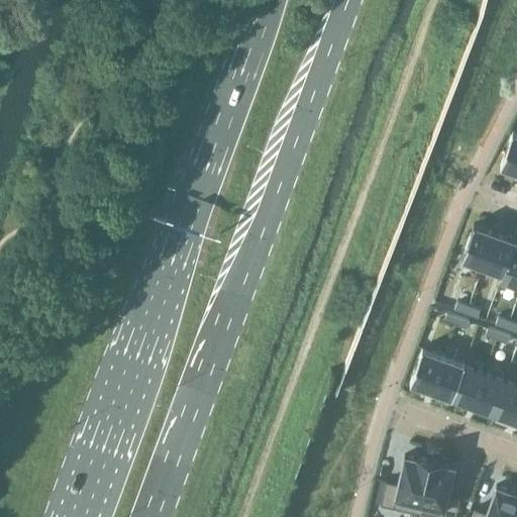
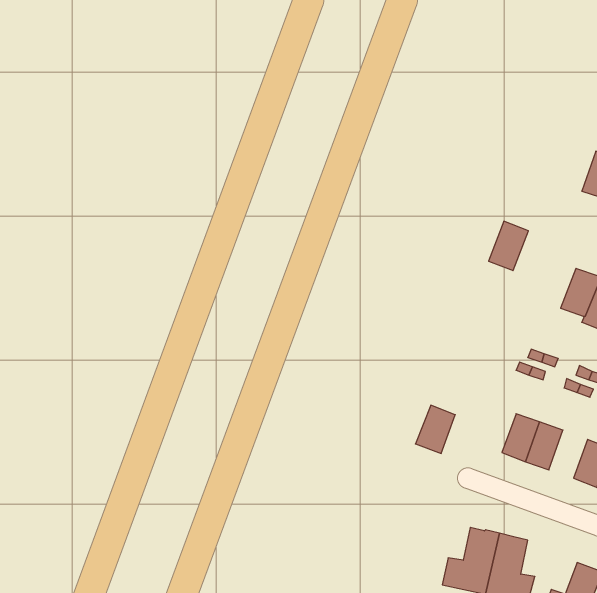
building: [463,228,498,271] -> [489,221,528,271]
building: [412,352,446,394] -> [415,405,455,453]
building: [475,376,508,417] -> none

